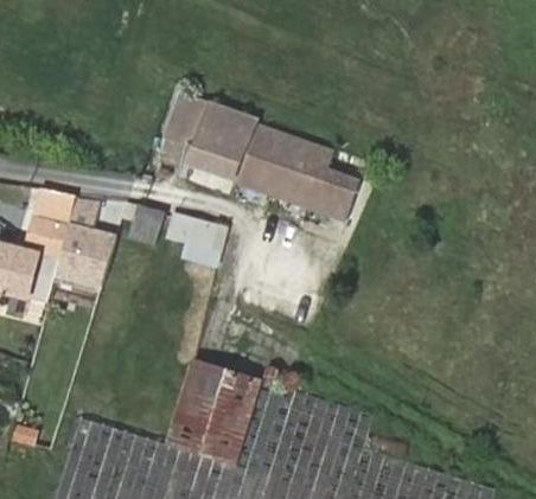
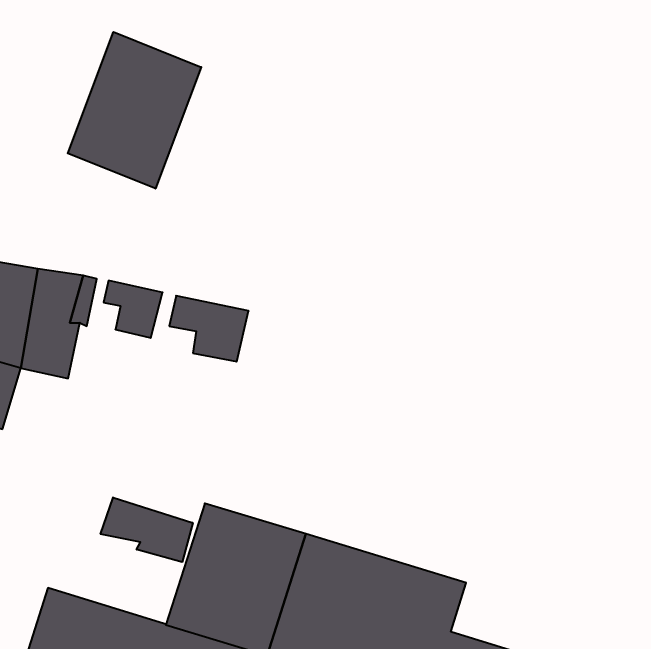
building: none -> [68,32,201,189]
building: [166,96,365,228] -> none
building: none -> [101,497,193,562]

